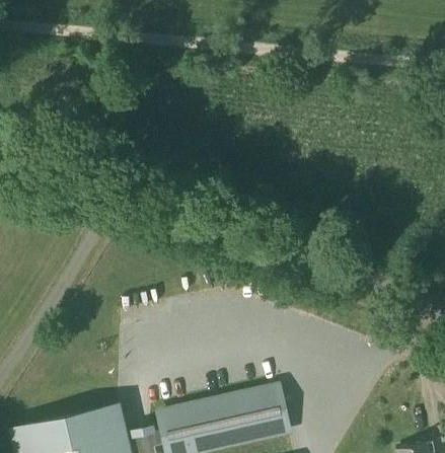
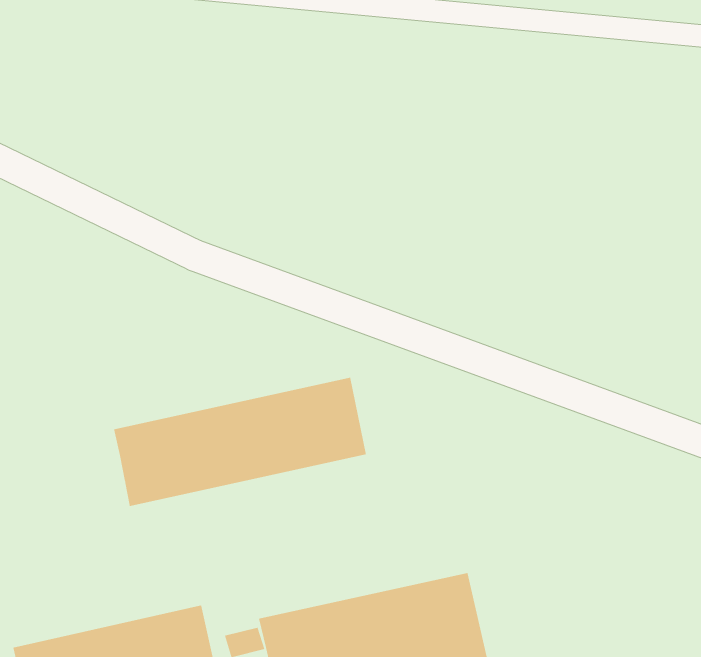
building: none -> [114,377,367,507]

